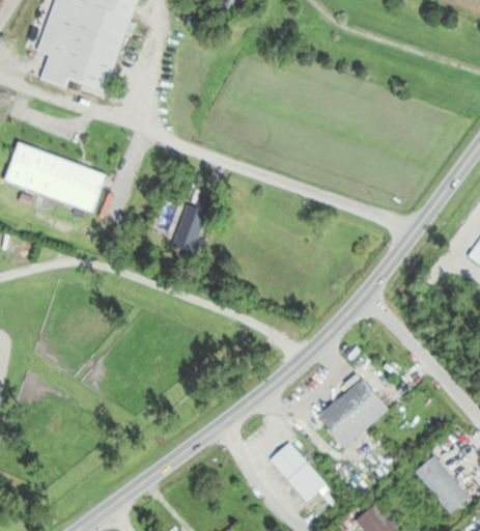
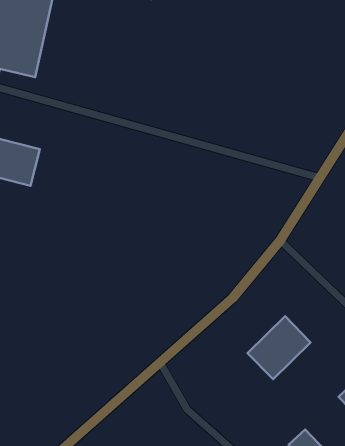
building: [171,193,211,254] -> none
building: [270,442,324,502] -> none

